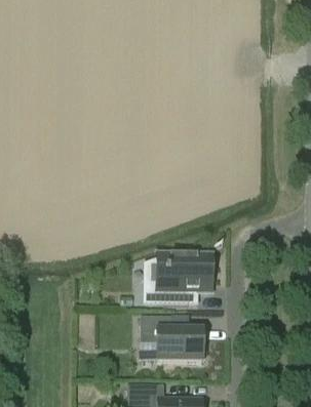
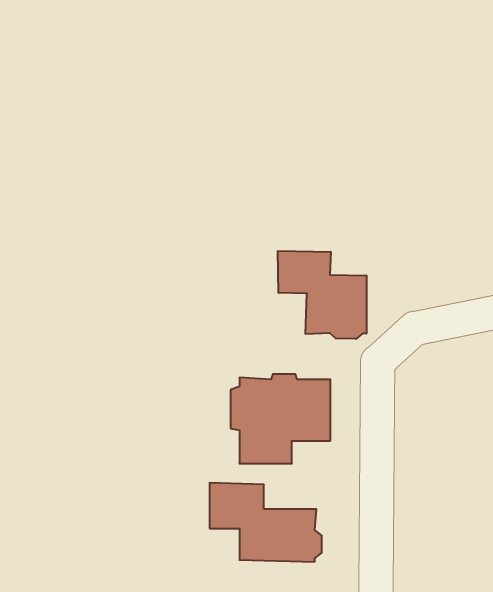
building: none -> [278,251,366,339]

